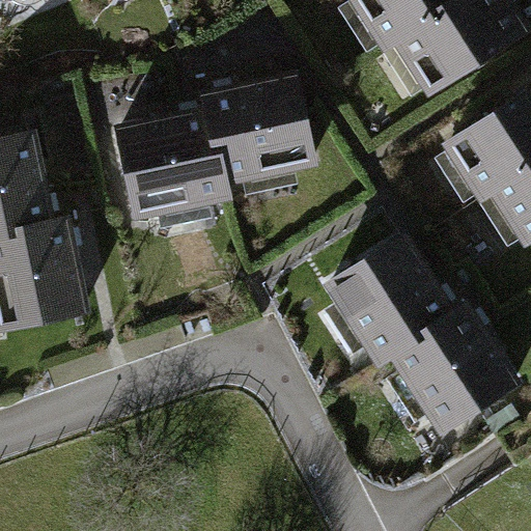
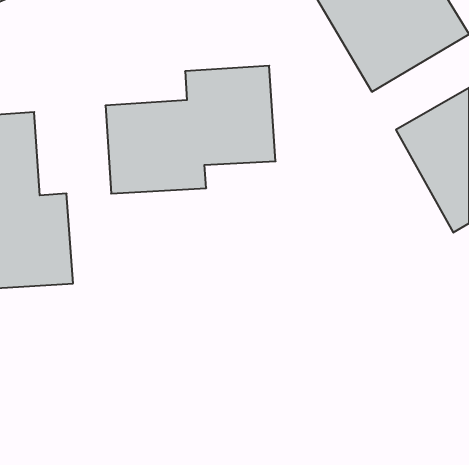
building: [316,243,513,435] -> none

